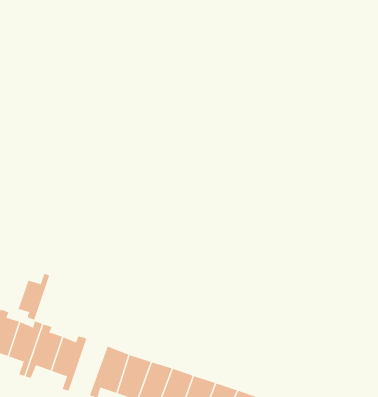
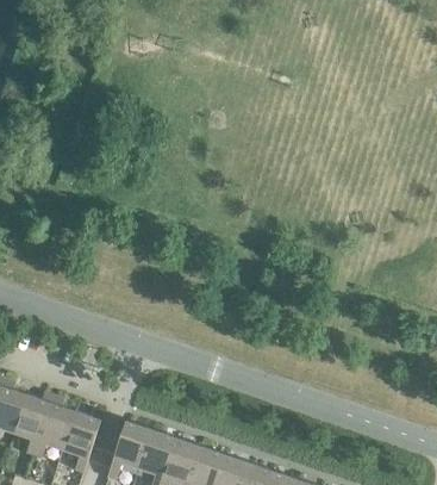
building: [18,273,50,321] -> none

